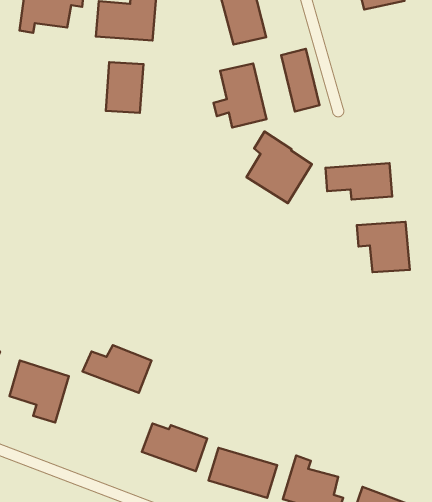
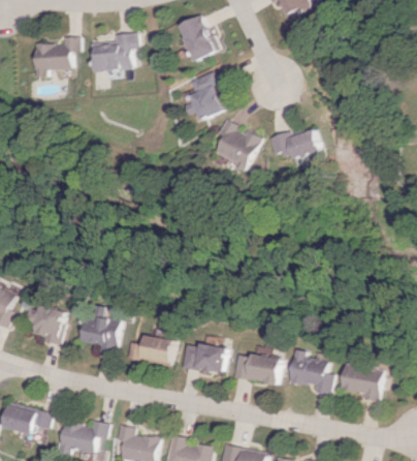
building: [281,49,320,111] -> none
building: [106,62,143,113] -> none
building: [357,222,410,272] -> none
building: [82,345,152,393] -> [125,335,173,366]

